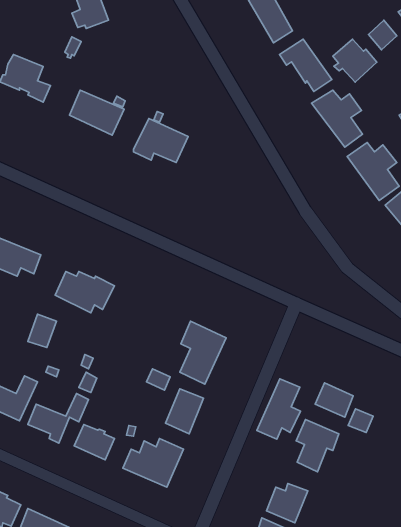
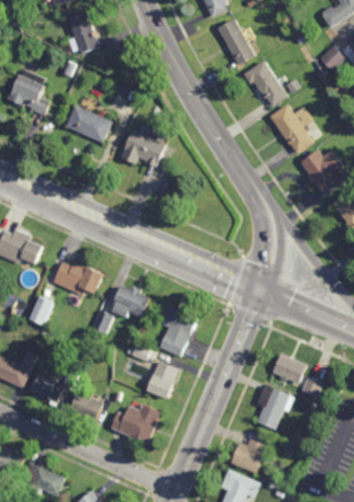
building: [333,39,377,82] -> none
building: none -> [91,283,149,333]
building: [257,379,301,439] -> none

